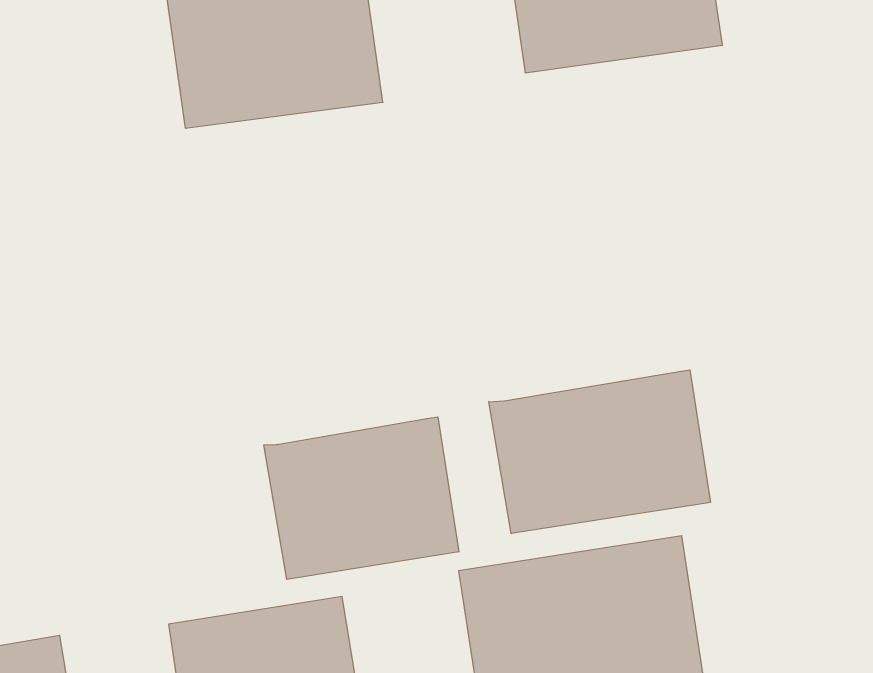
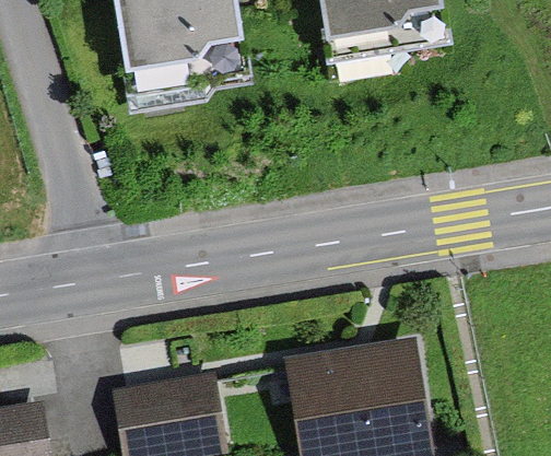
building: [489,370,710,534] -> none
building: [264,417,459,579] -> none

